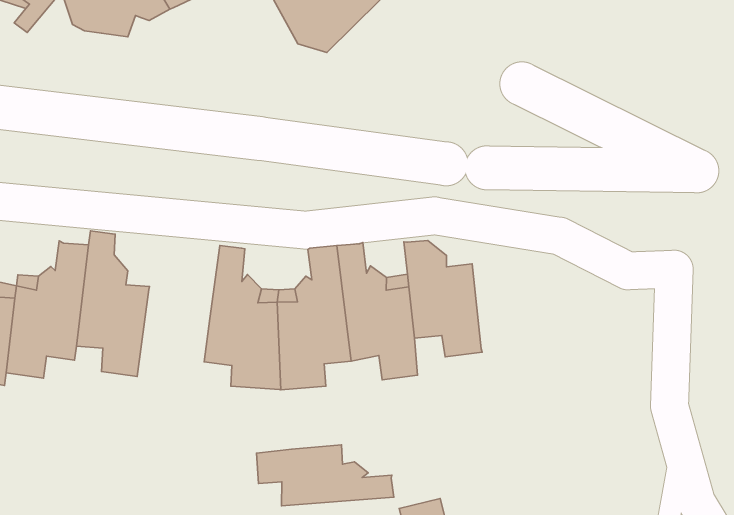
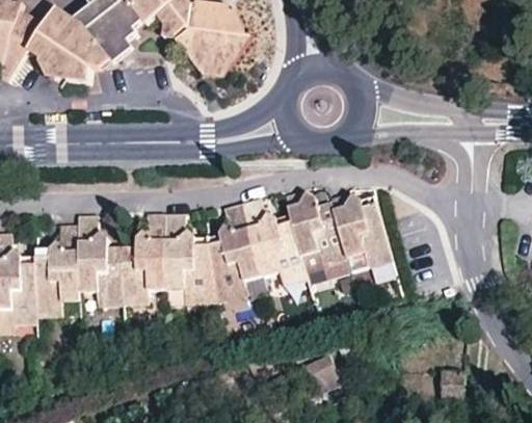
building: none -> [124,214,166,308]
building: none -> [332,193,393,269]
building: [256,445,394,506] -> none

